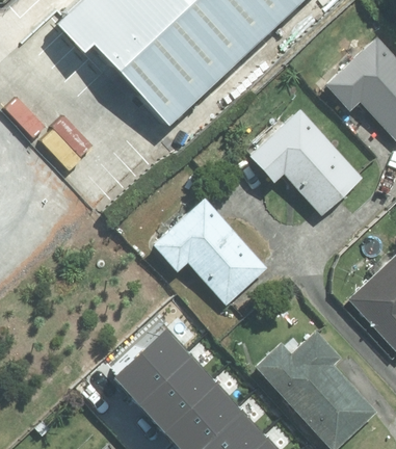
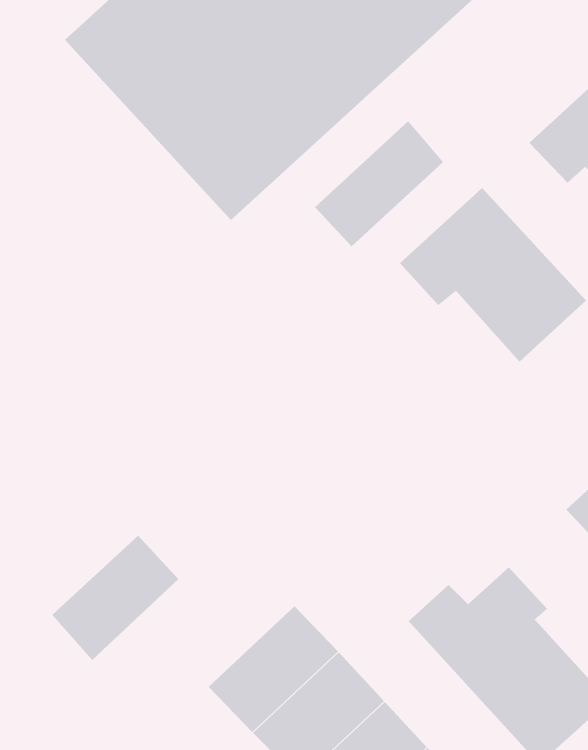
building: none -> [314,120,444,247]
building: [155,201,265,302] -> none
building: [115,331,190,404] -> [51,535,179,661]

